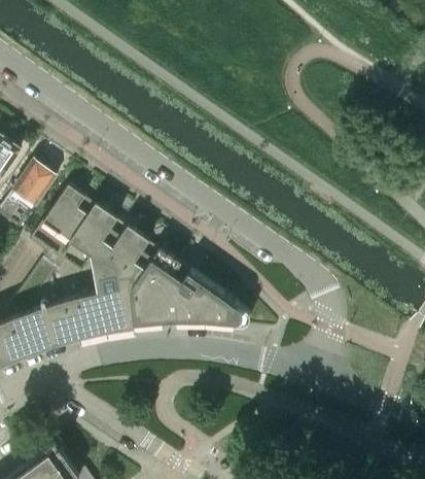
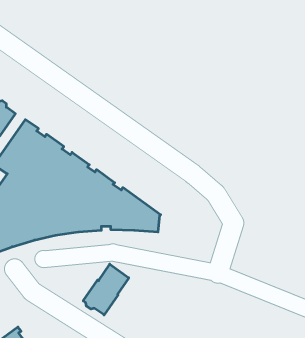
building: none -> [83,264,129,315]

